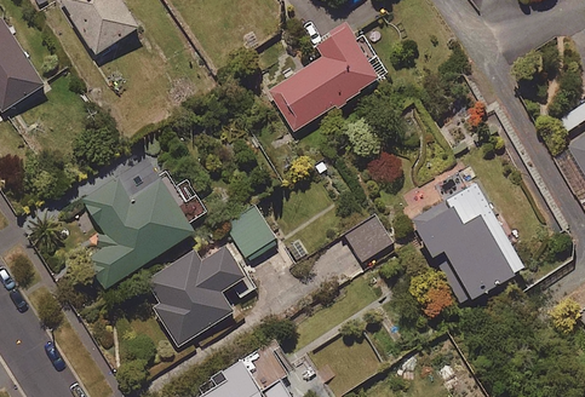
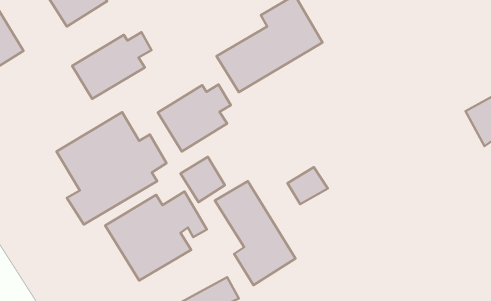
building: none -> [72,32,152,99]
building: none -> [158,84,231,151]
building: [411,183,527,309] -> none
building: none -> [215,181,295,285]

